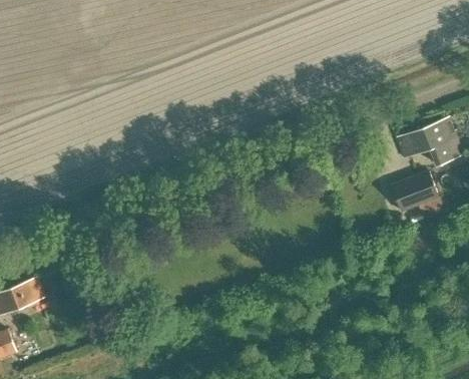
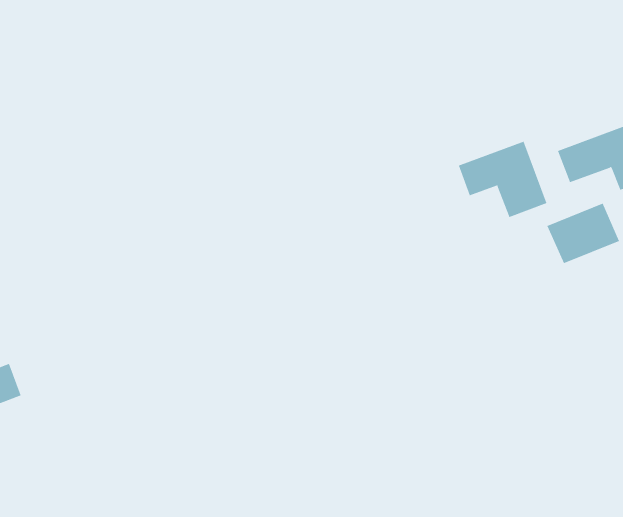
building: none -> [458,141,547,218]

